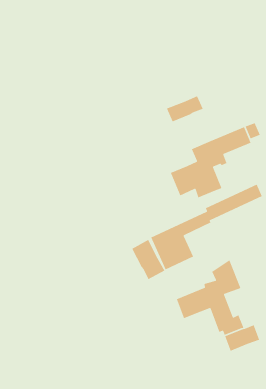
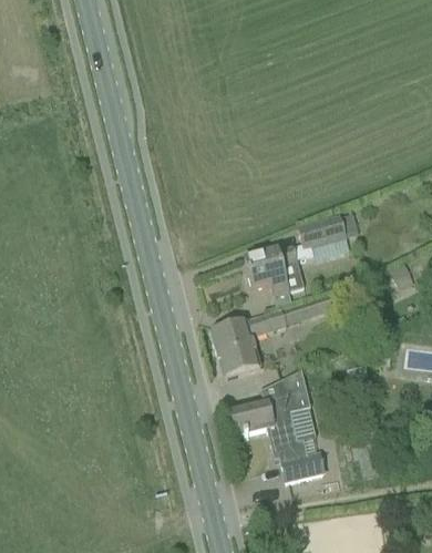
building: [166,95,204,123] -> none
building: [131,239,165,280] -> none

